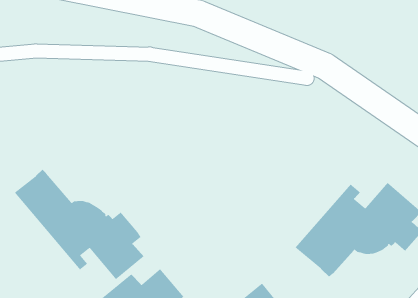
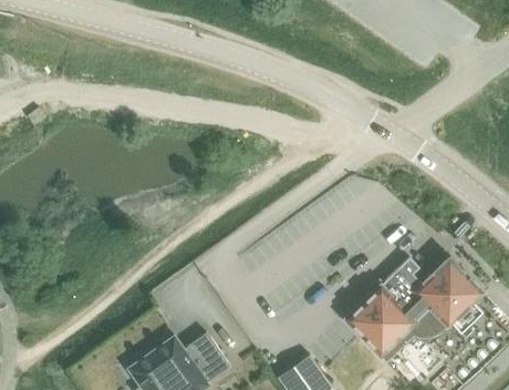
building: [14,169,145,280] -> none

